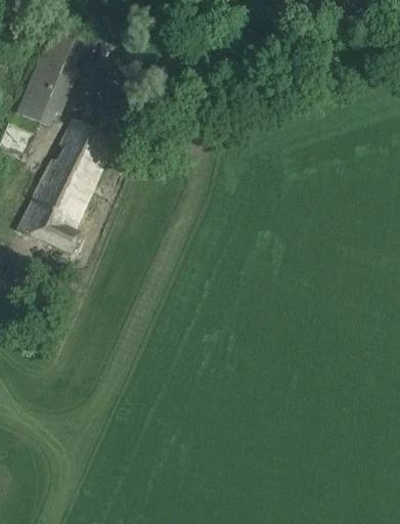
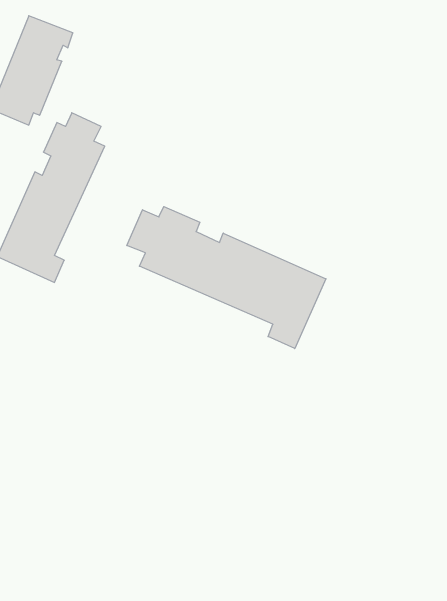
building: none -> [127,207,326,349]

